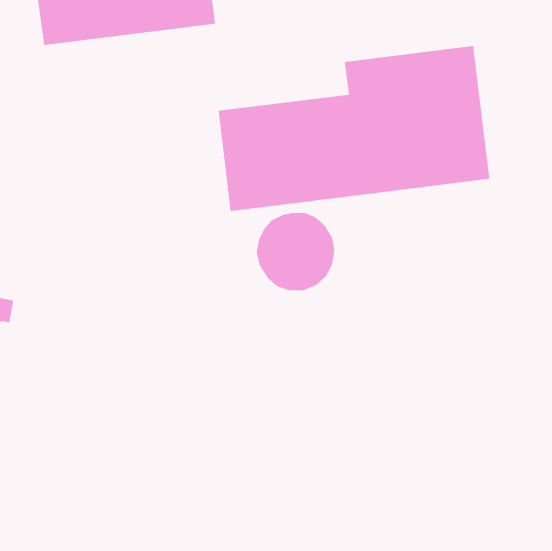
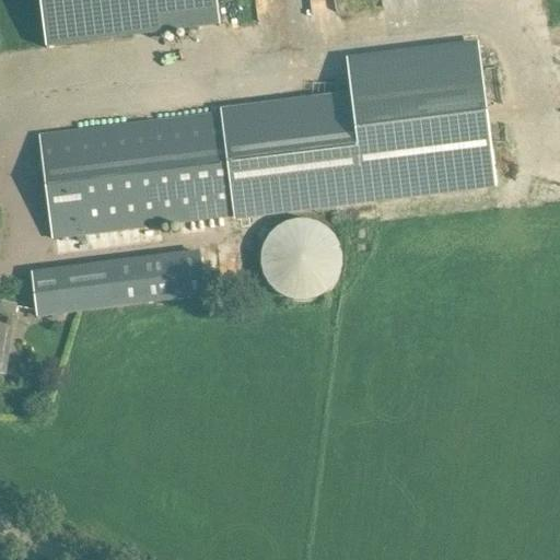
building: none -> [37,112,232,236]
building: none -> [31,250,206,315]

